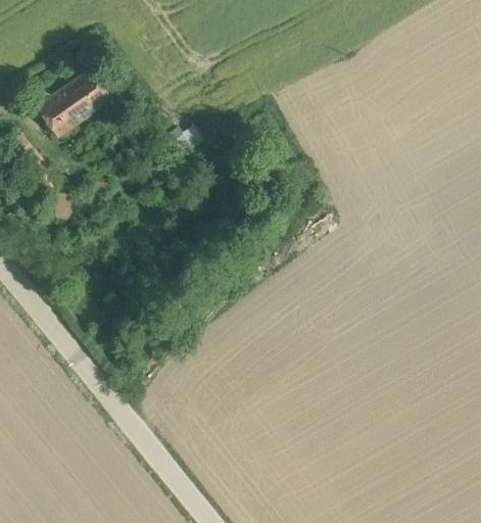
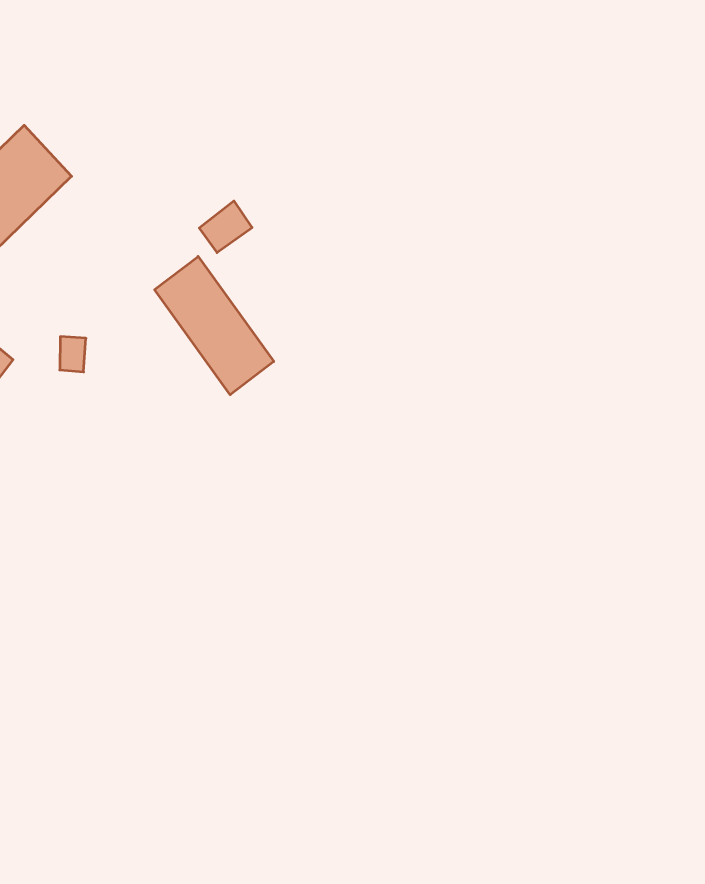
building: none -> [155,256,274,395]

